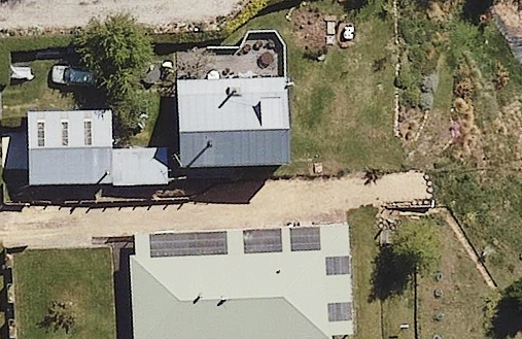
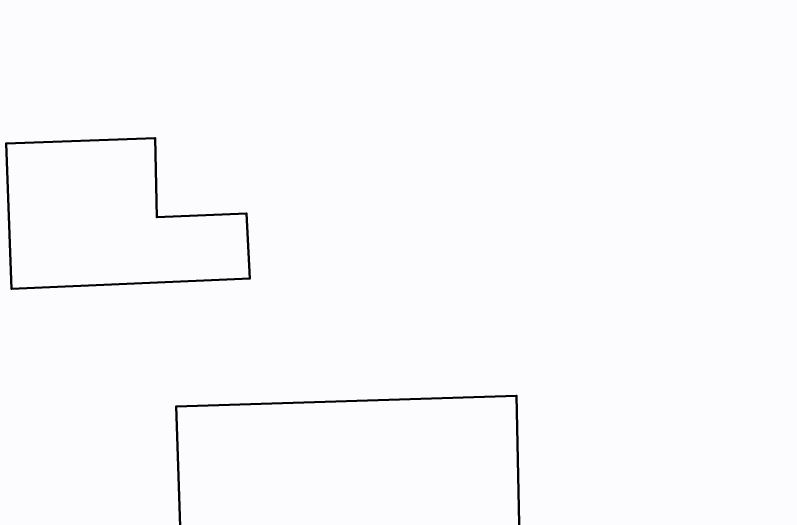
building: [172,76,290,173] -> none

